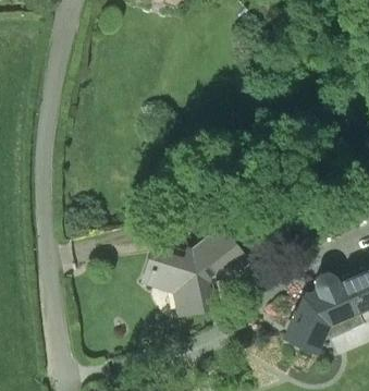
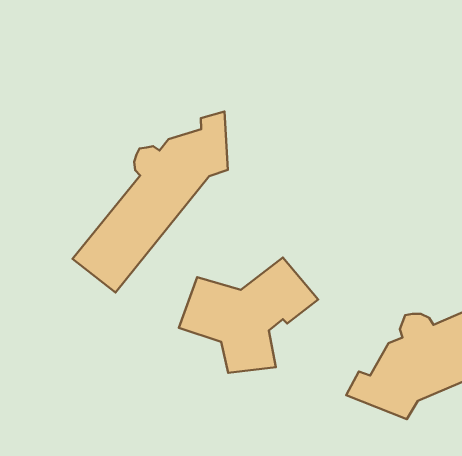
building: none -> [72,112,228,293]

